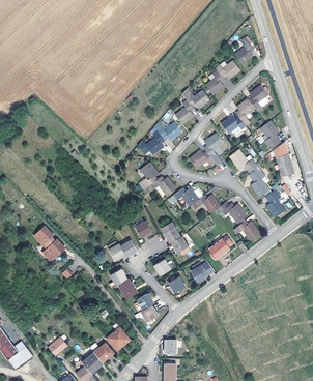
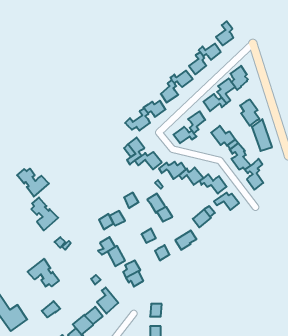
building: none -> [17,169,49,197]
building: none -> [28,259,59,287]

